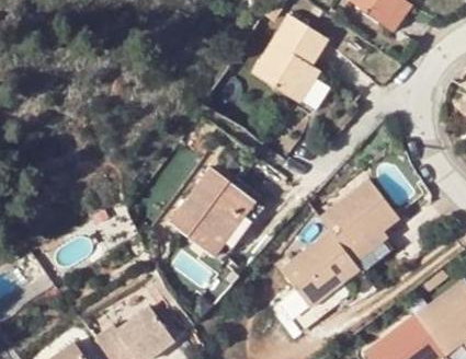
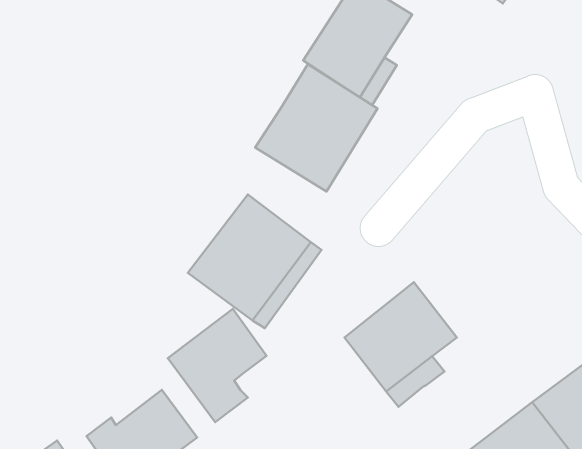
building: none -> [255,64,377,191]
building: [319,177,399,270] -> none
building: none -> [168,309,267,422]

